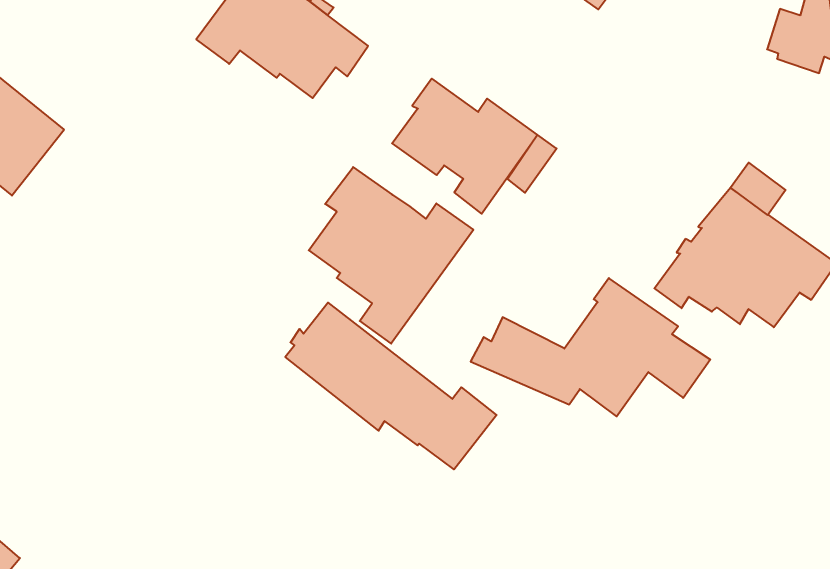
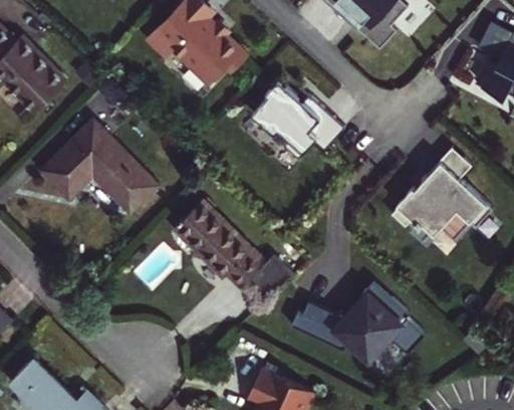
building: [309,167,473,344] -> none
building: none -> [35,125,153,217]
building: [471,278,710,416] -> [289,280,426,360]

